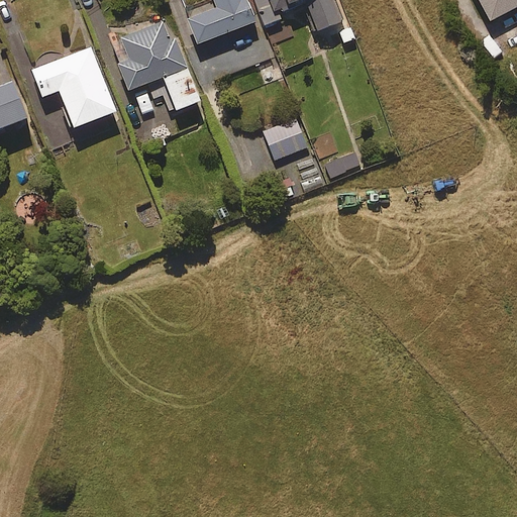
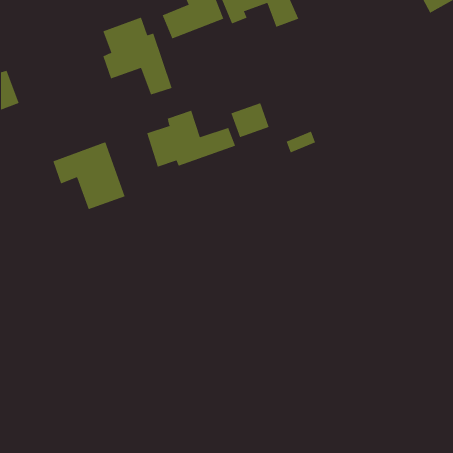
building: [31,49,114,127] -> [53,141,126,210]
building: none -> [146,110,236,168]

